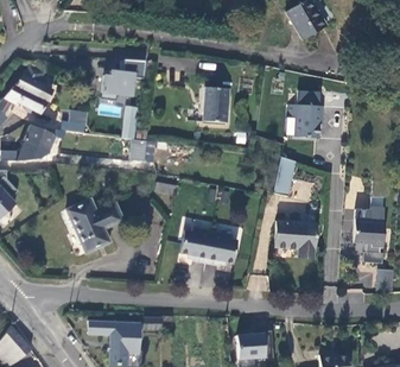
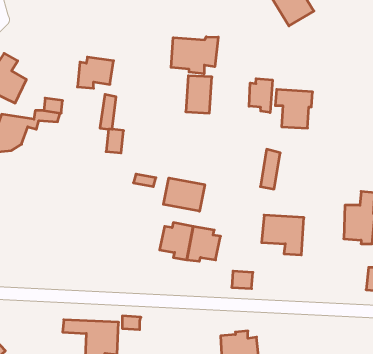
building: none -> [171,37,218,74]
building: none -> [249,79,272,113]
building: none -> [163,178,205,211]
building: [68,198,122,252] -> none

